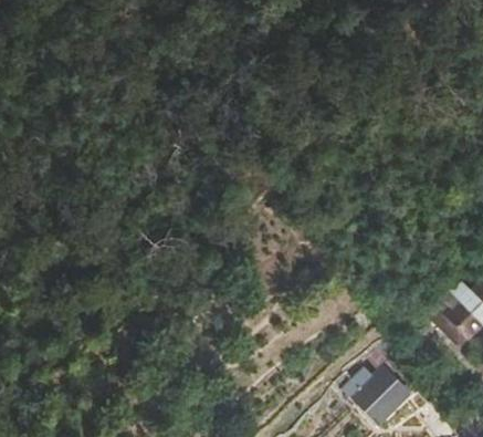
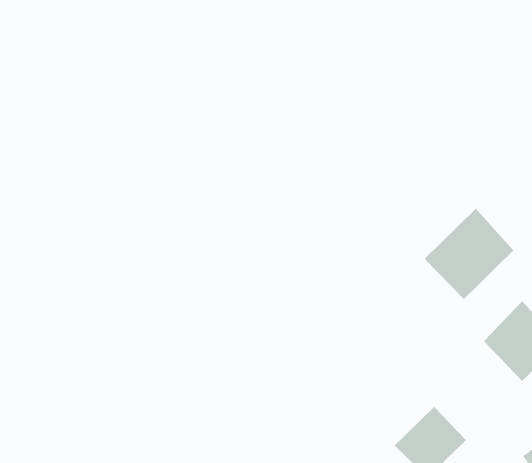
building: none -> [424,208,514,300]

